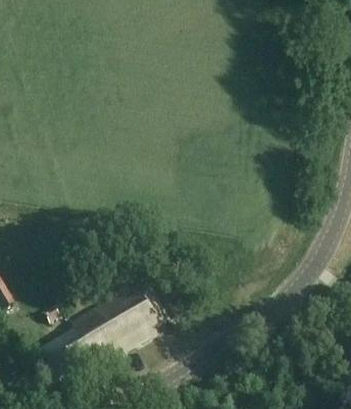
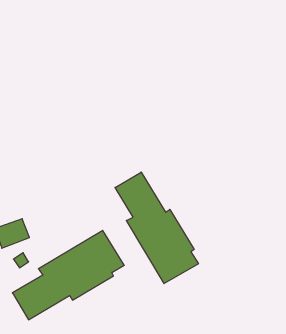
building: none -> [115,172,198,284]

